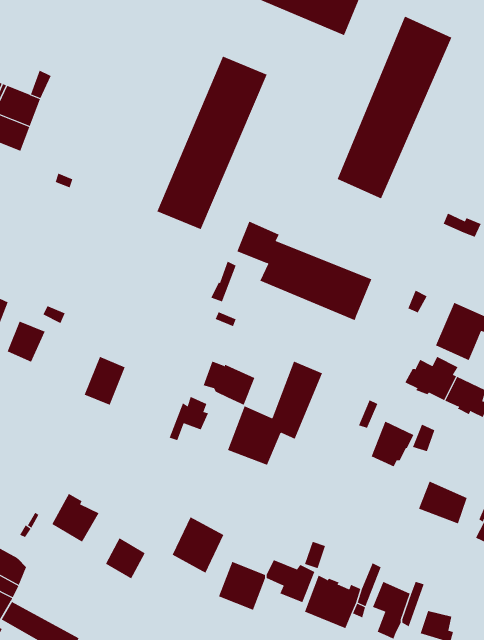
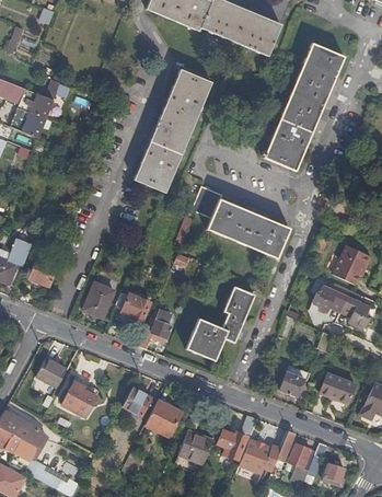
building: [203,361,255,406] -> [114,290,151,322]
building: [371,421,414,467] -> [279,365,310,397]
building: none -> [34,356,67,386]
building: [105,538,145,579] -> [121,389,150,418]

